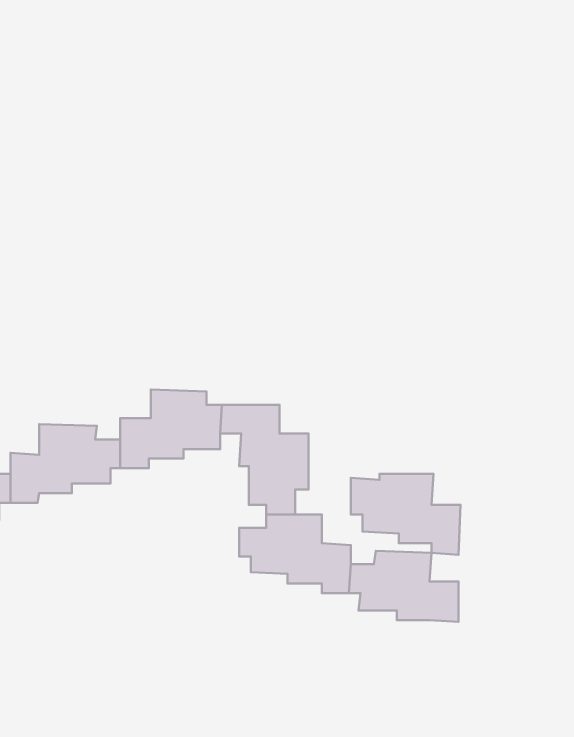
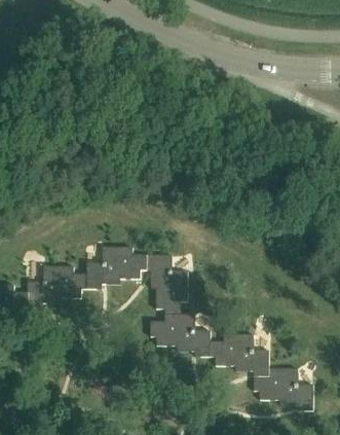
building: [351,474,460,555] -> [253,368,311,411]

